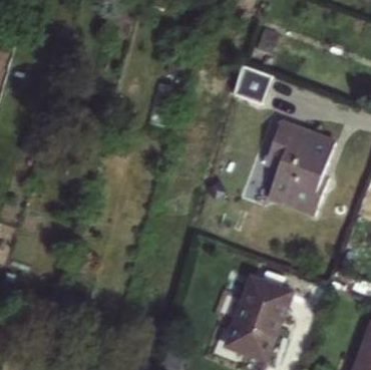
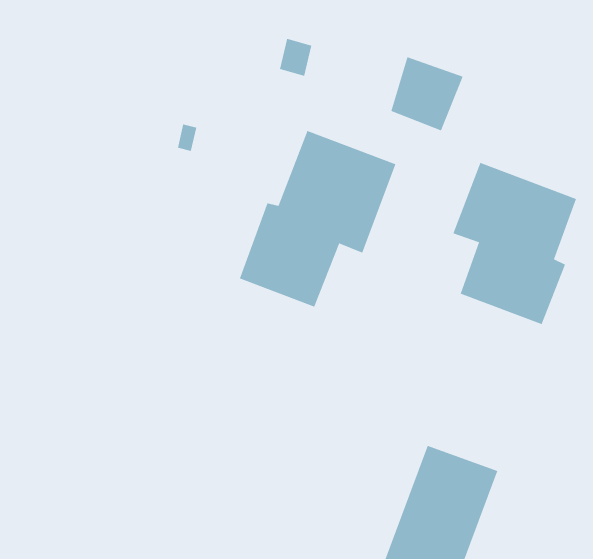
building: none -> [239,130,396,307]

